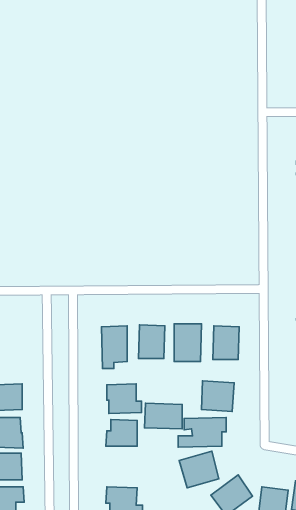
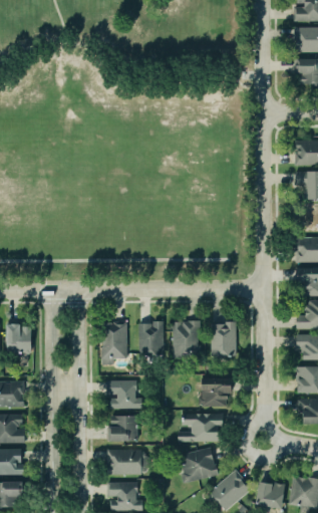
building: none -> [7,323,33,352]
building: [144,403,182,429] -> [107,449,144,474]

